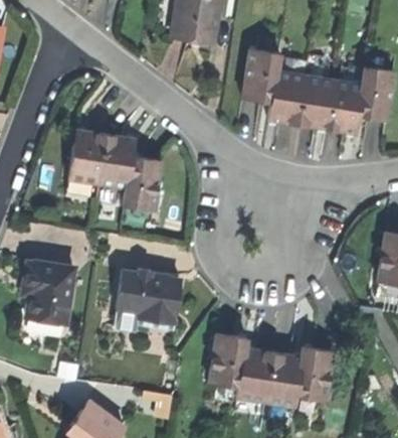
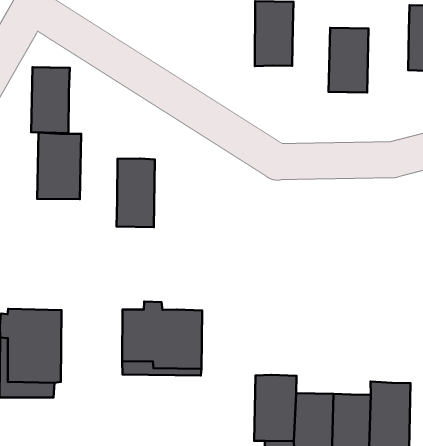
building: [268,71,304,124] -> none
building: [326,80,363,133] -> none
building: [98,133,134,186] -> [31,67,70,133]

